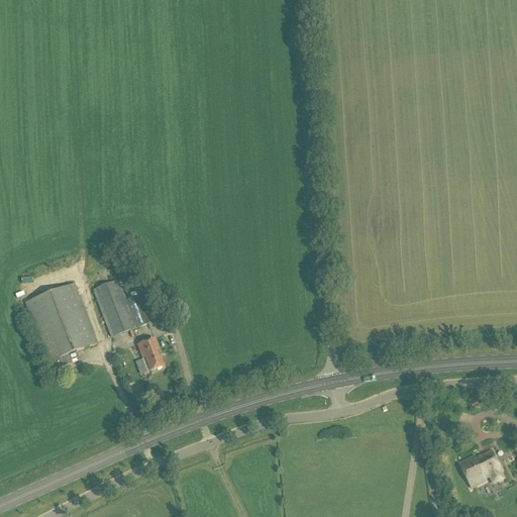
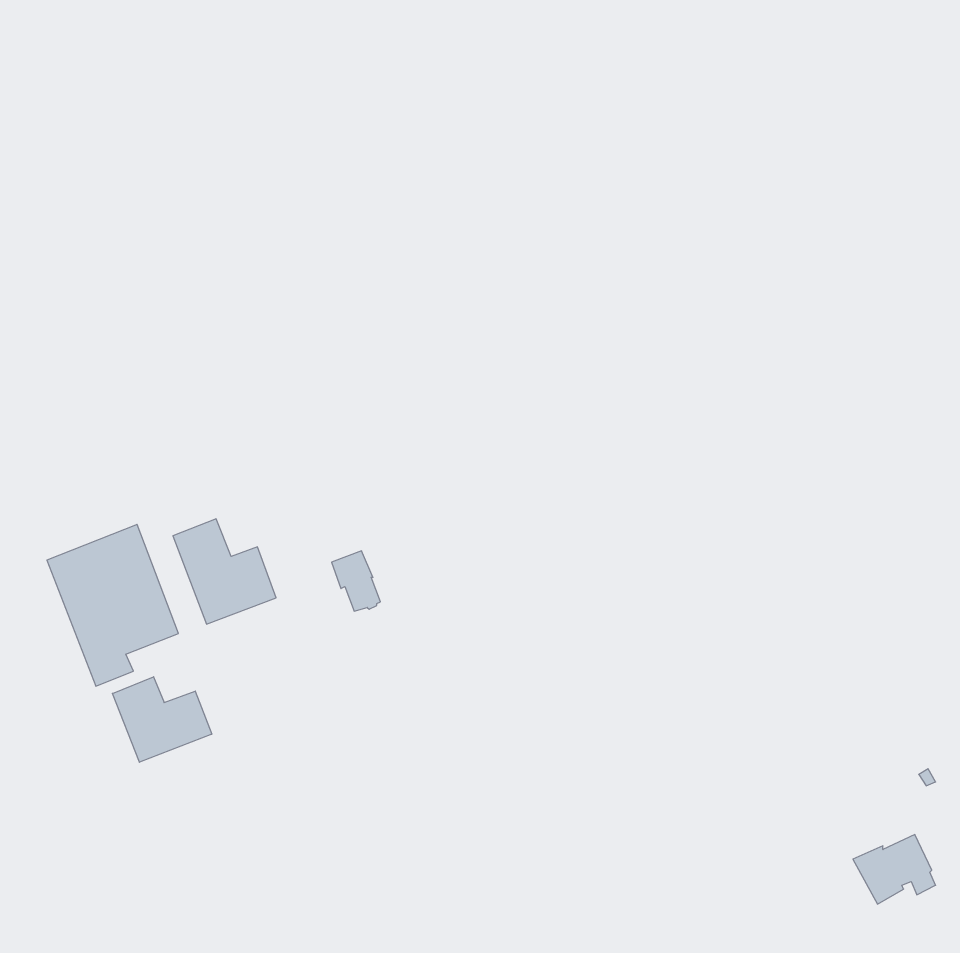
building: [137,336,164,369] -> [332,551,380,611]
building: none -> [112,677,212,762]

